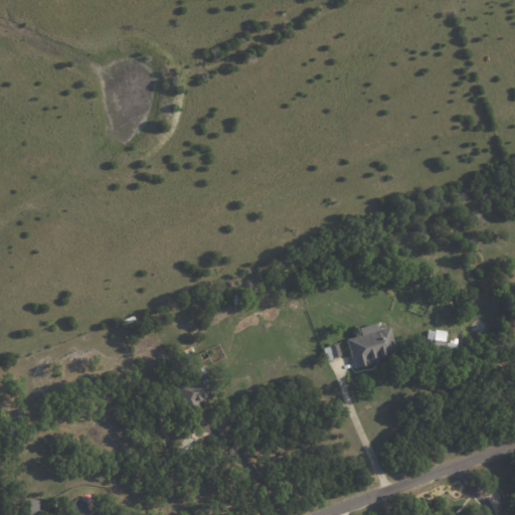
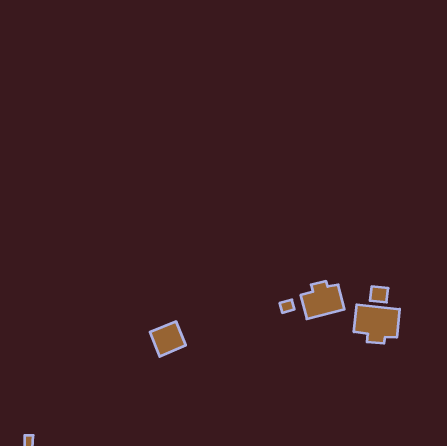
building: none -> [354,305,400,343]

